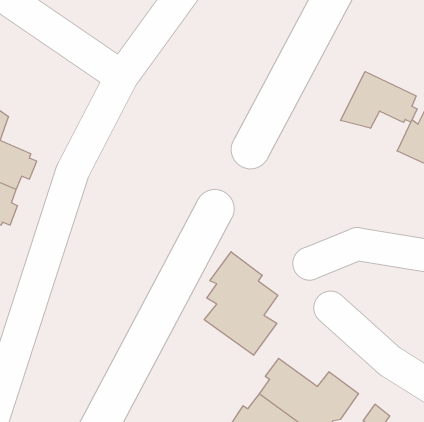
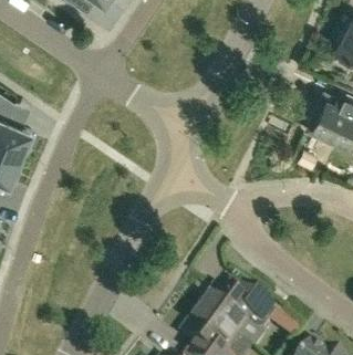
building: [341,72,417,128] -> none
building: [204,252,278,355] -> none

